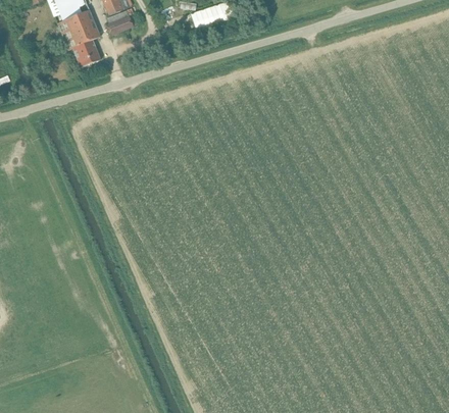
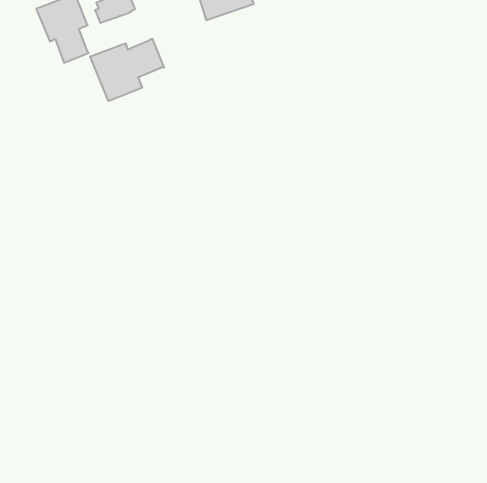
building: none -> [90,39,164,101]

